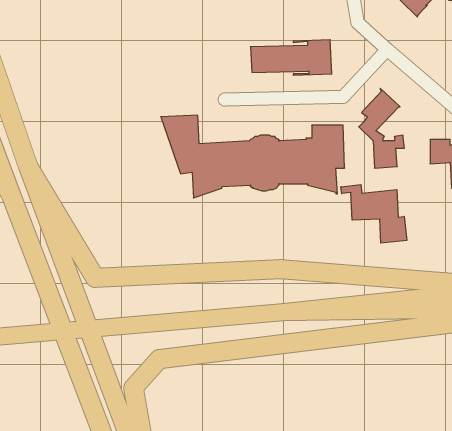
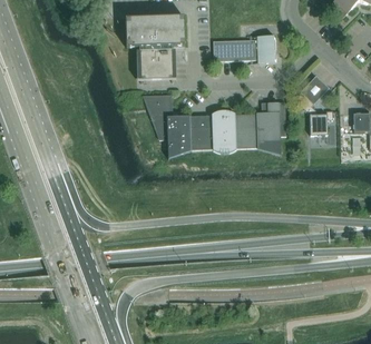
building: none -> [125,13,185,81]
building: [341,185,407,243] -> none

